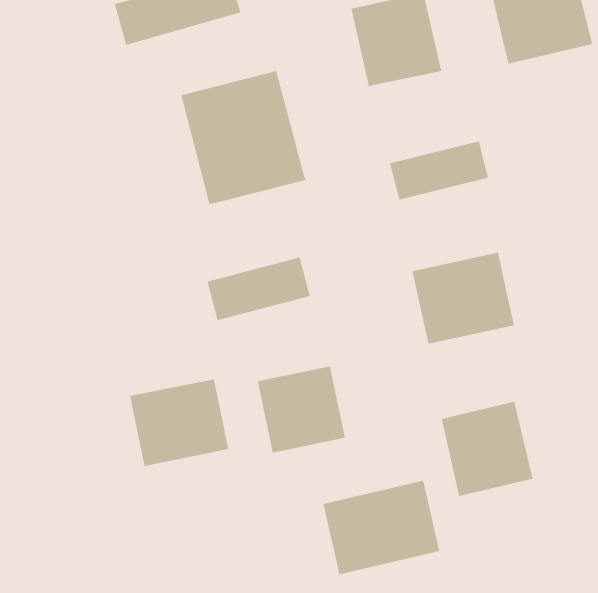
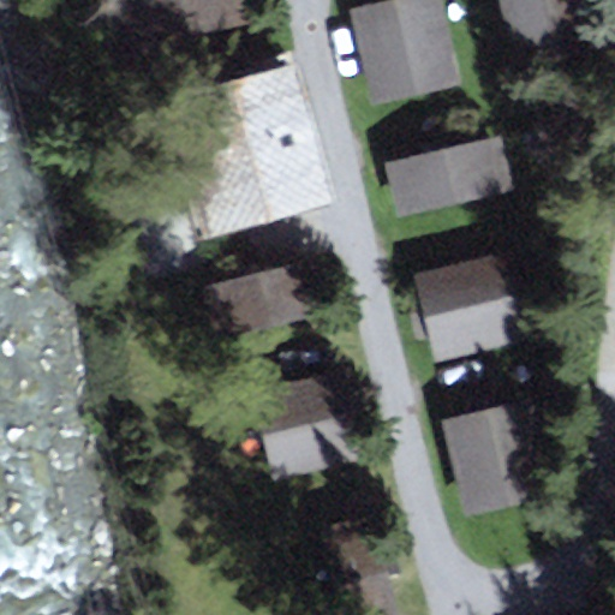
building: [129,378,229,467] -> none
building: [323,480,440,575] -> none

